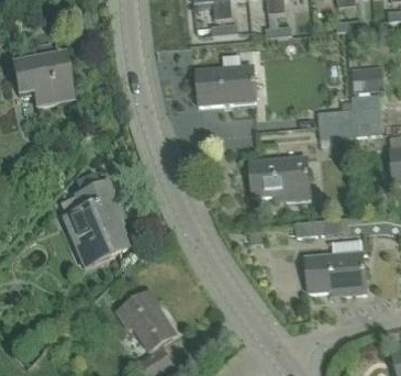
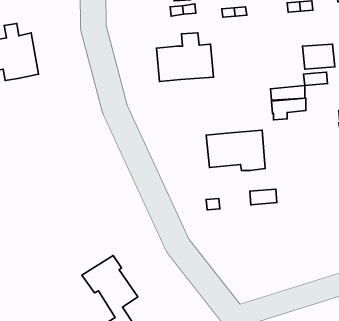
building: [354,107,381,135] -> none
building: [59,179,129,265] -> none
building: [307,252,366,295] -> none

